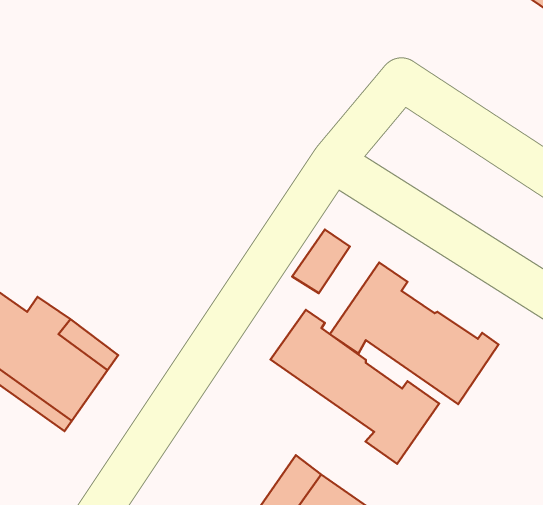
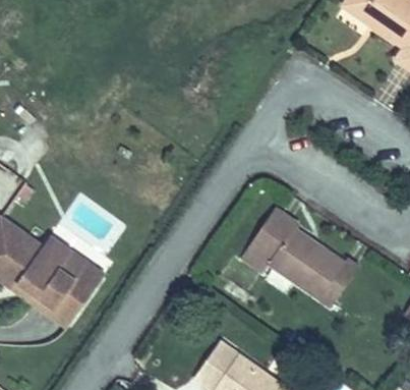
building: [292,229,350,293] -> none
building: [270,310,439,464] -> none

